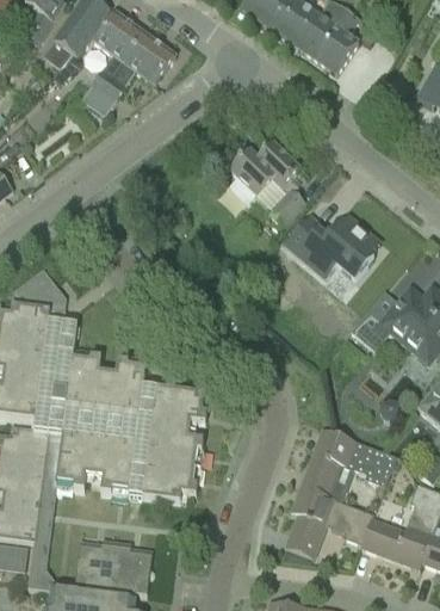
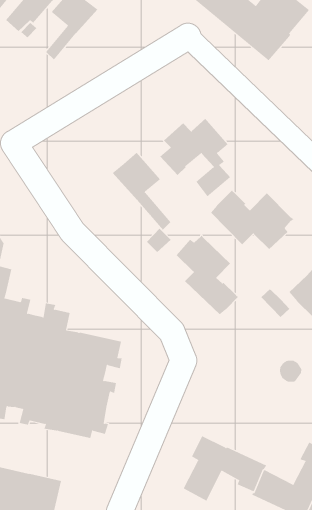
building: [81,33,176,116] -> none
building: none -> [112,152,171,230]
building: none -> [176,235,239,315]
building: [300,428,396,498] -> none

